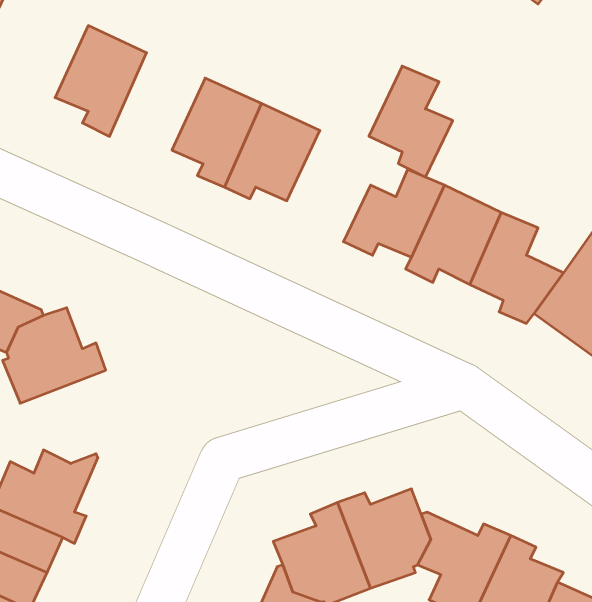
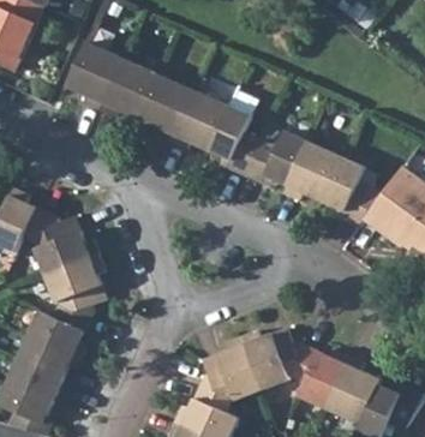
building: none -> [101,59,160,119]
building: [369,66,453,177] -> [210,107,262,175]
building: none -> [46,255,107,312]

